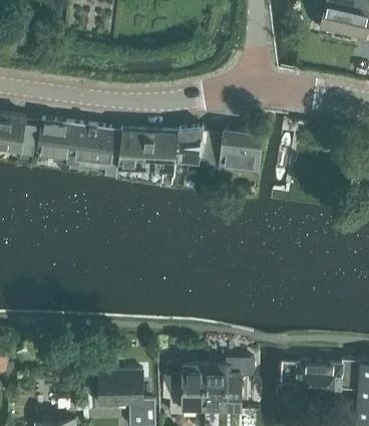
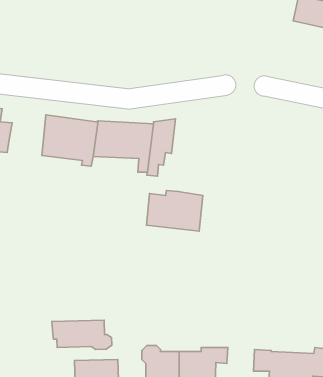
building: [32,120,69,155] -> none
building: [204,130,261,171] -> [147,190,203,231]
building: none -> [52,320,112,350]

